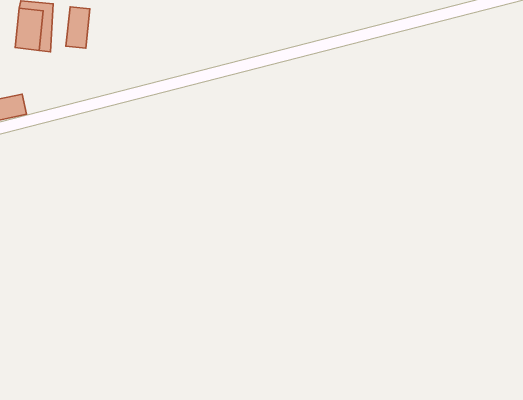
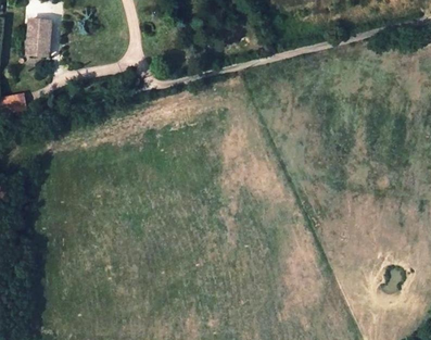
building: [66,7,90,48] -> none

